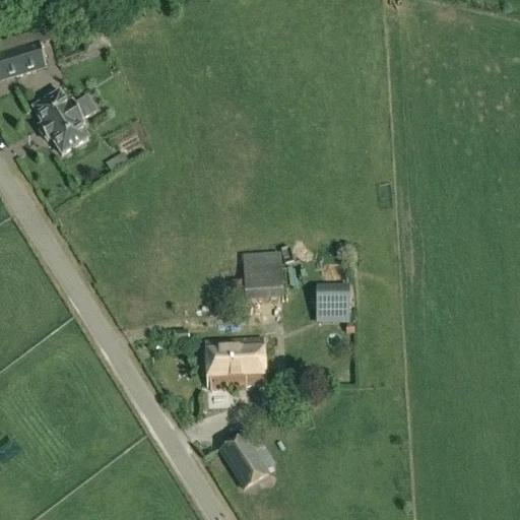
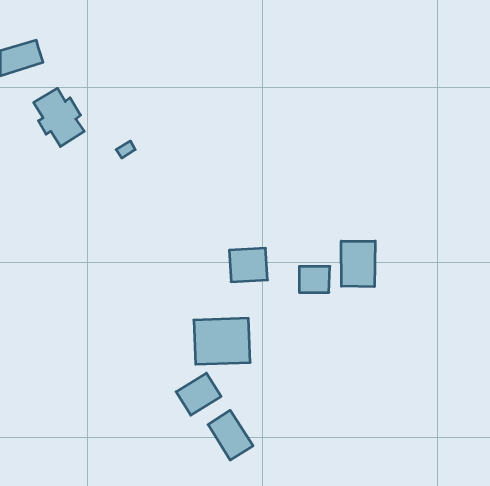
building: none -> [341,241,375,287]
building: none -> [176,373,221,415]

